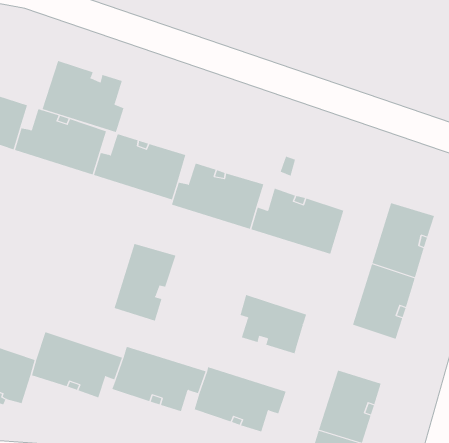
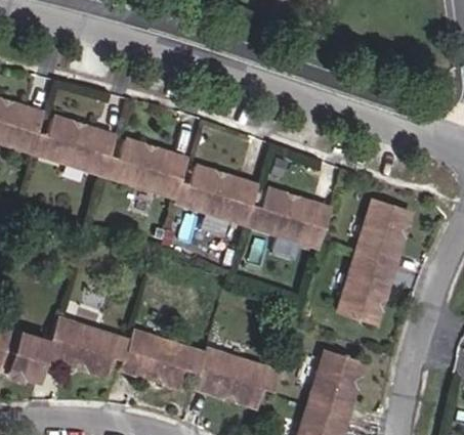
building: [42,60,124,133] -> none
building: [114,243,176,322] -> none
building: [240,294,307,354] -> none

